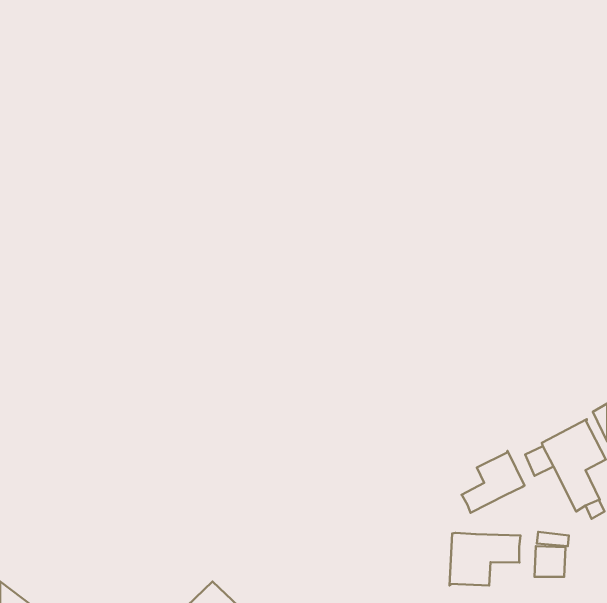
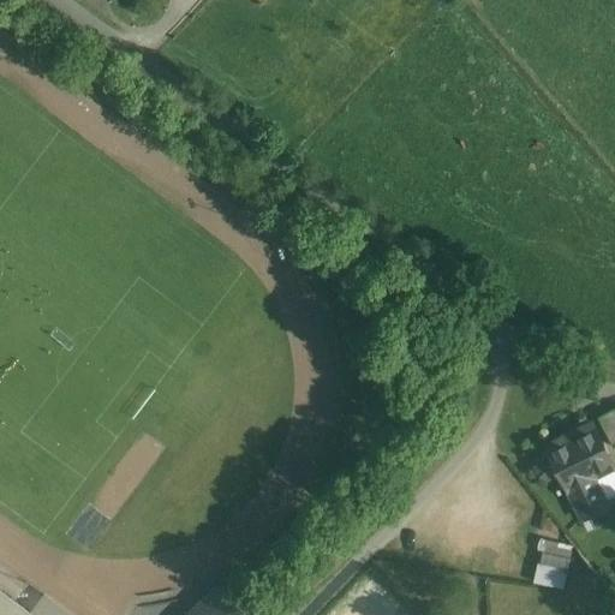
building: [461,451,524,513] -> none
building: [450,533,520,585] -> none

